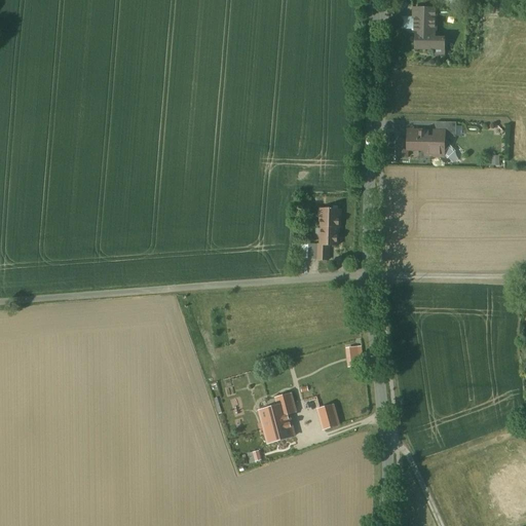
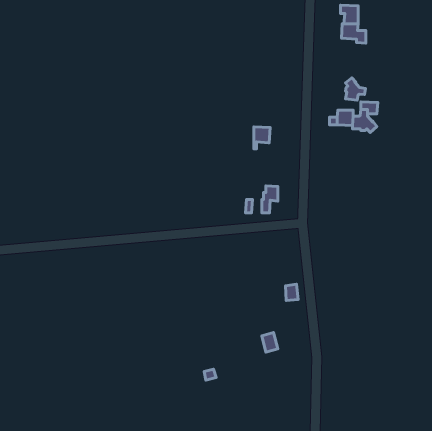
building: none -> [345,78,366,100]
building: [320,206,339,233] -> [254,127,270,149]
building: [258,391,295,441] -> none

